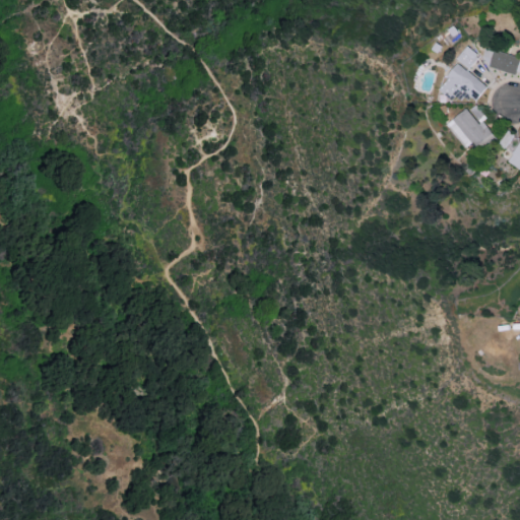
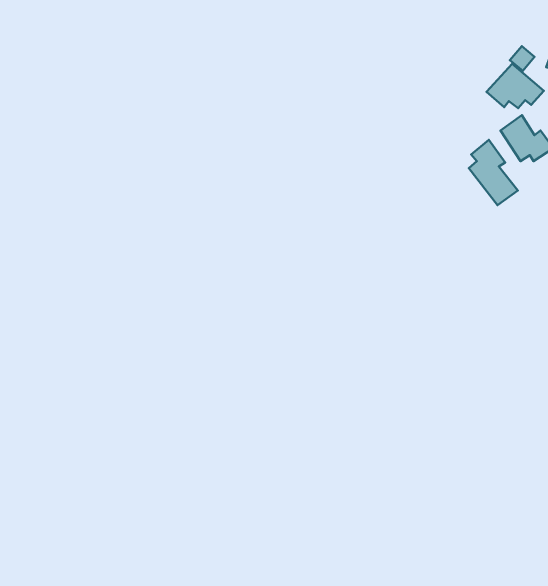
building: none -> [469,140,518,205]

